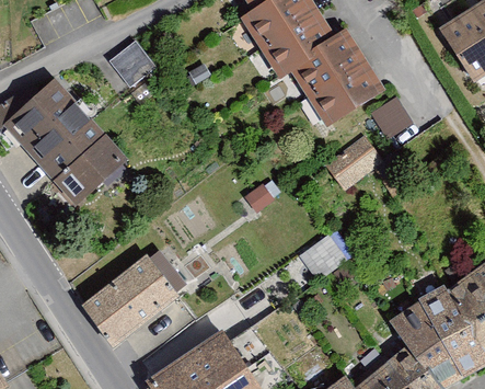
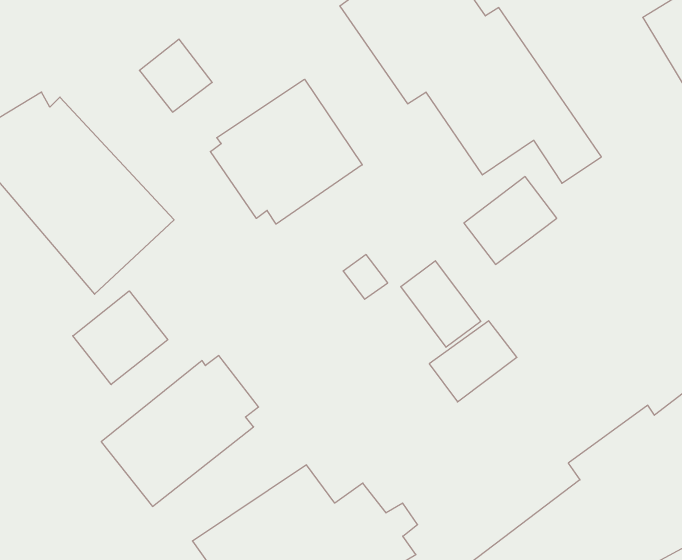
building: none -> [210,79,362,224]
building: none -> [401,261,481,347]
building: none -> [73,291,168,385]

